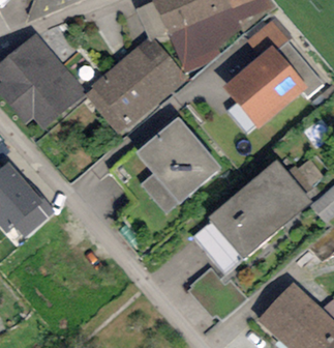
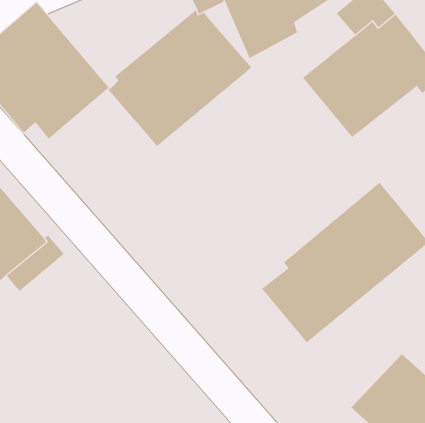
building: [135,116,221,214] -> none

